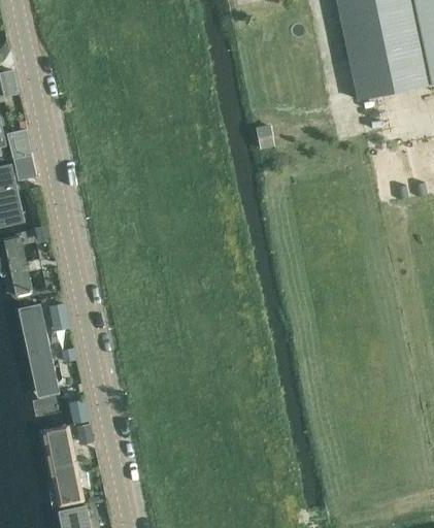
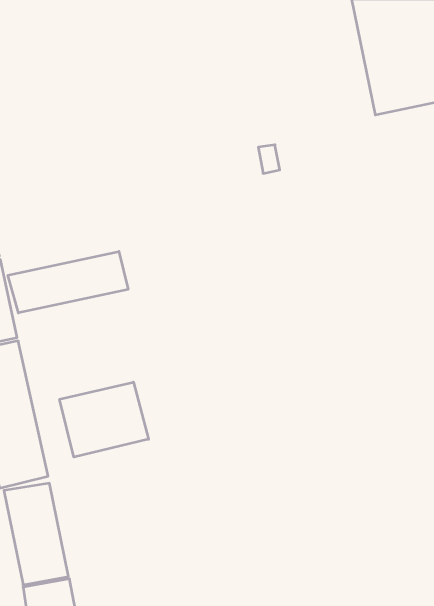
building: none -> [8,251,128,313]
building: none -> [60,382,149,457]

